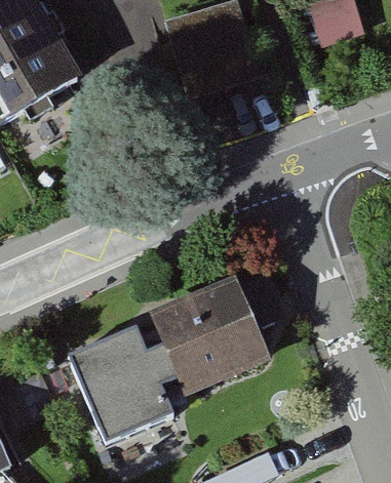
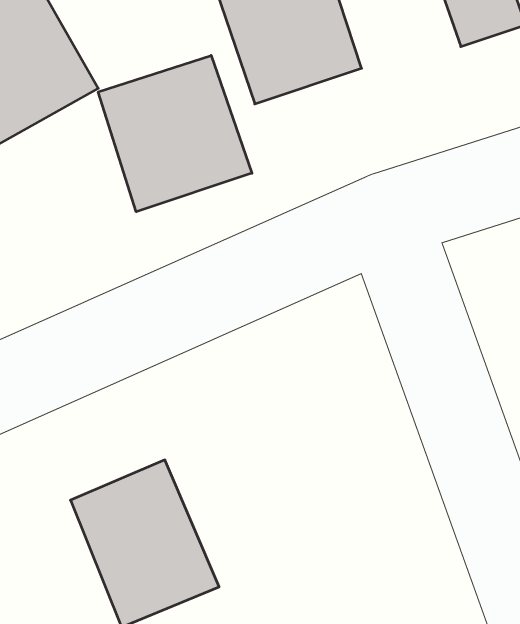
building: none -> [98,55,252,212]
building: [146,280,264,394] -> none

